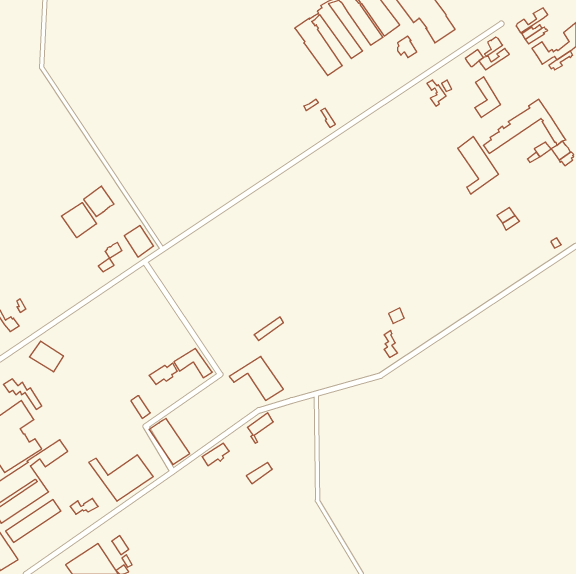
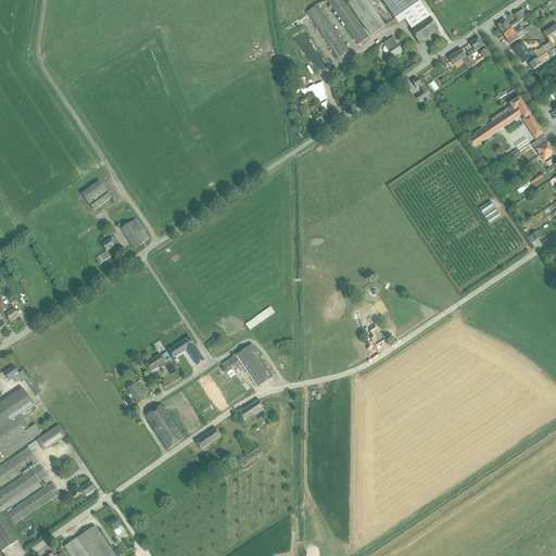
building: [475,77,500,118] -> none
building: [458,136,498,194] -> none
building: [61,203,97,238] -> none
building: [29,341,63,372] -> none
building: [89,455,153,501] -> none

